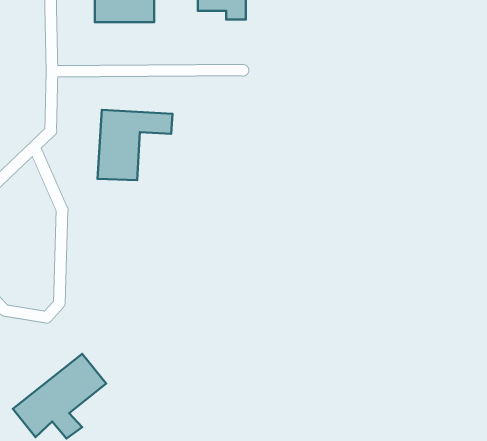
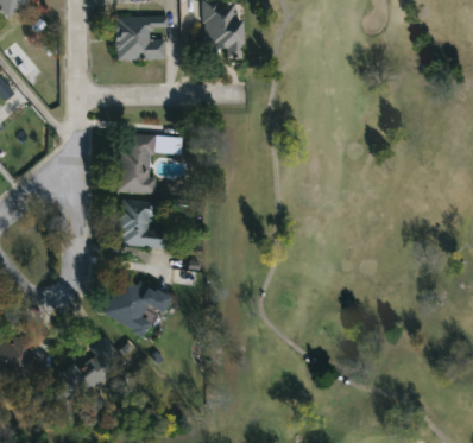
building: none -> [118,200,168,247]
building: none -> [101,272,170,335]

